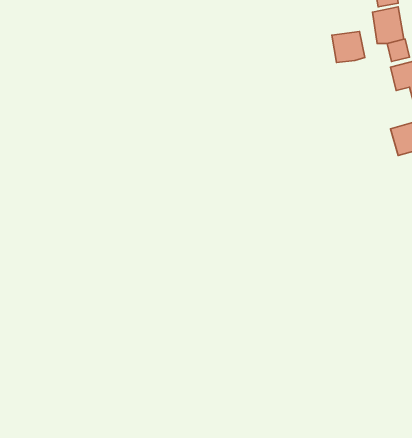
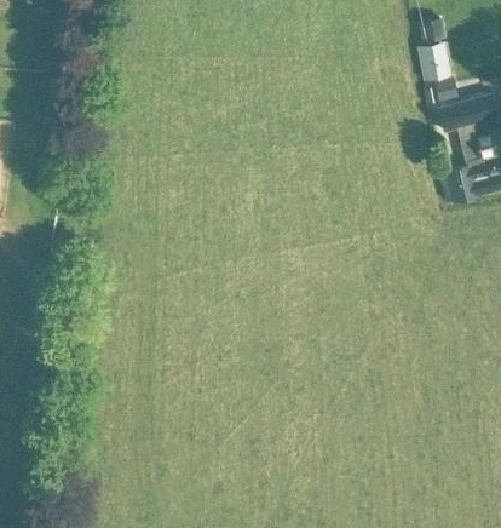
building: [332,32,365,62] -> none

